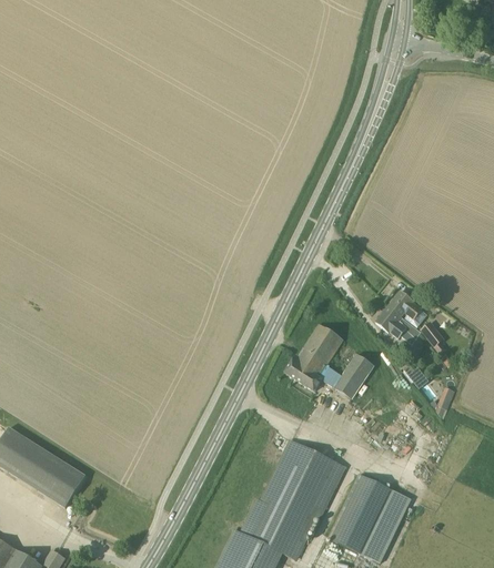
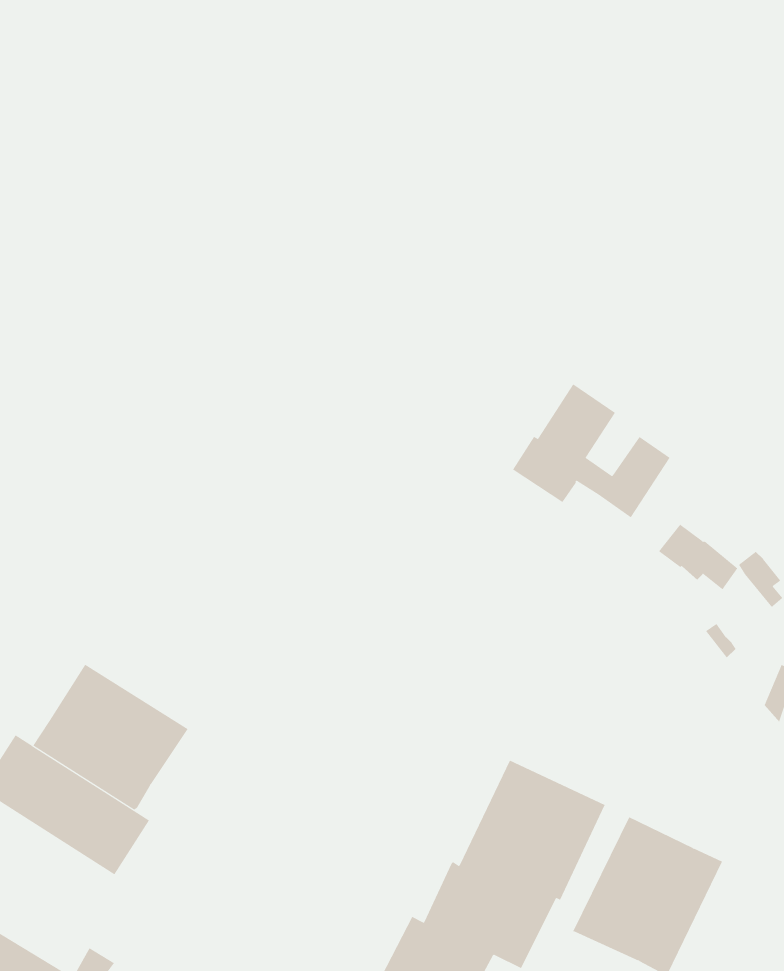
building: [387,292,422,321] -> none
building: [284,324,374,400] -> [512,384,670,518]
building: none -> [32,664,189,810]

